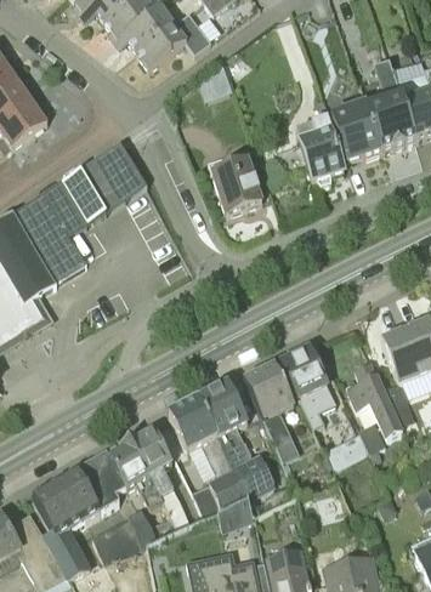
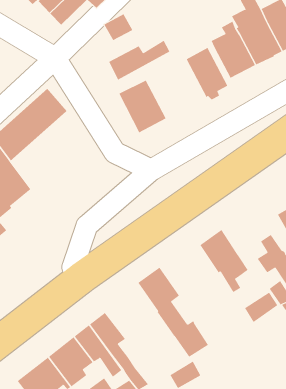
building: none -> [108,40,170,81]
building: [244,364,299,457] -> none
building: [169,397,248,517] -> none

